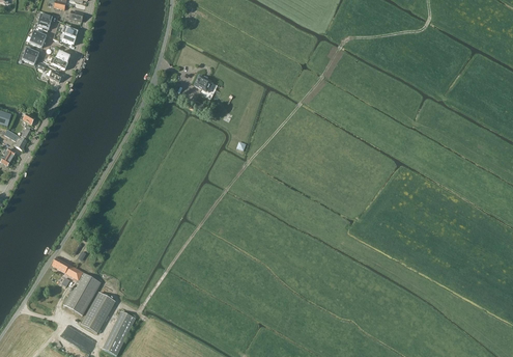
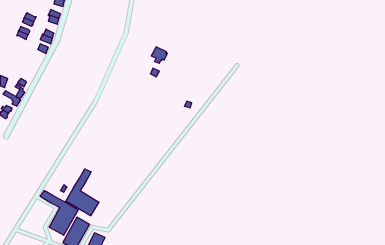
building: none -> [66,169,99,216]

